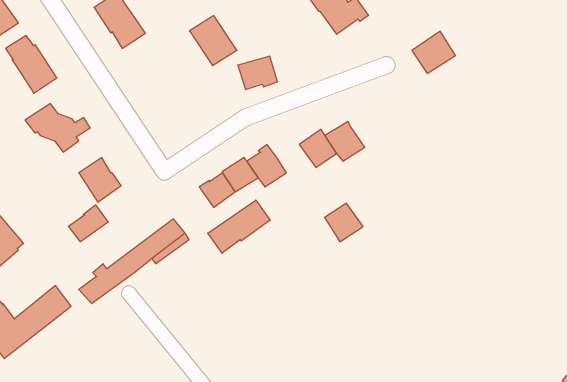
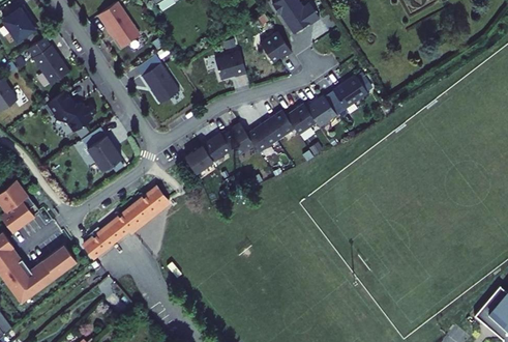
building: [189,16,237,66] -> [141,63,179,104]
building: [412,31,455,73] -> [332,77,367,111]
building: none -> [260,33,292,64]
building: none -> [305,97,337,131]
building: [208,200,270,253] -> none
building: [325,203,363,242] -> [246,124,277,155]
building: [69,205,108,242] -> none

